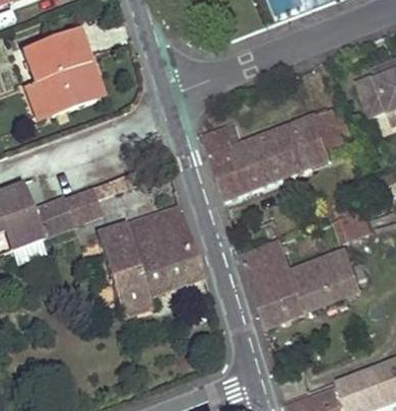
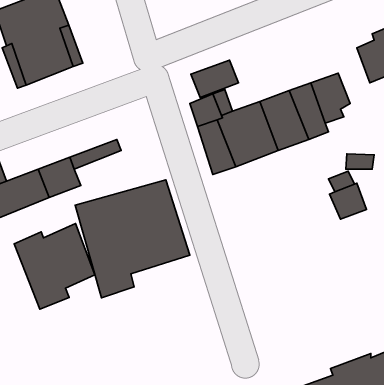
building: none -> [191,60,238,97]
building: [243,239,361,329] -> none
building: none -> [14,224,95,309]

